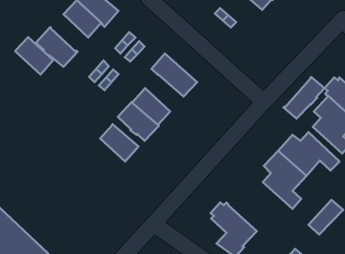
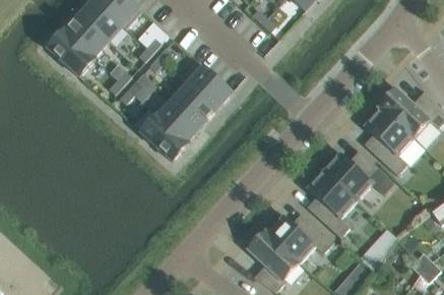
building: [16,37,53,75] -> [65,16,108,59]
building: [283,77,324,119] -> none
building: [100,124,138,162] -> [173,84,216,127]
building: none -> [267,214,333,263]

